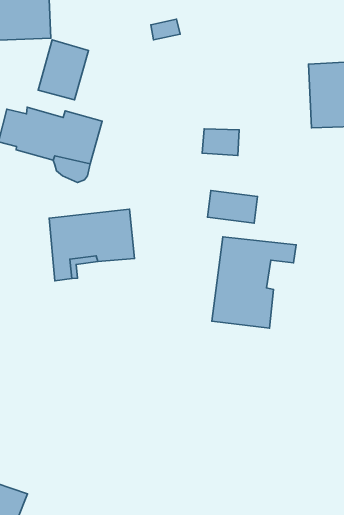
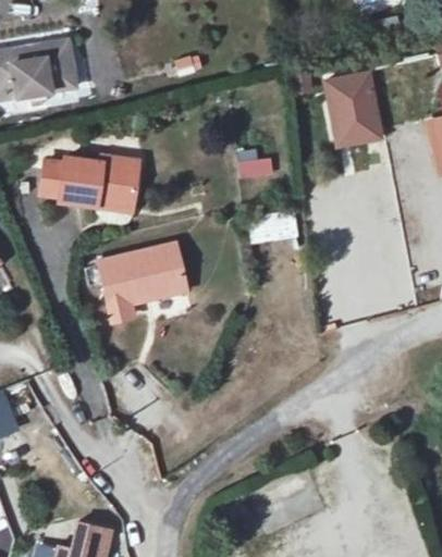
building: [38,40,88,100] -> none
building: [212,237,296,328] -> none

